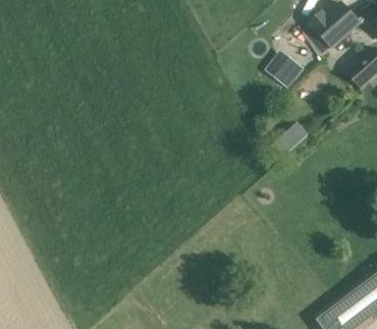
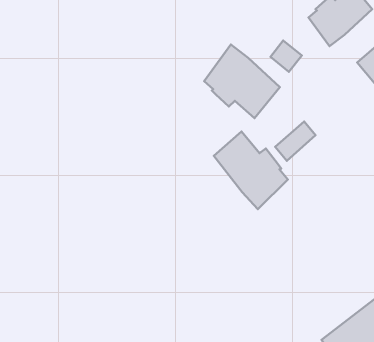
building: none -> [204,45,280,118]
building: none -> [214,131,288,209]

